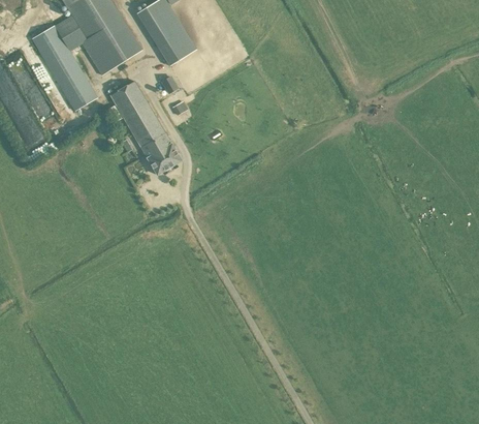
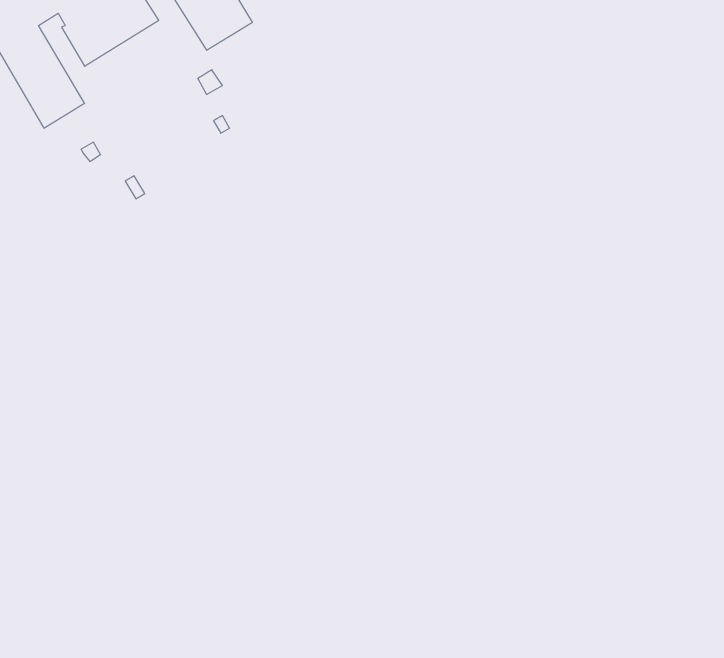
building: [110,81,183,176] -> none

